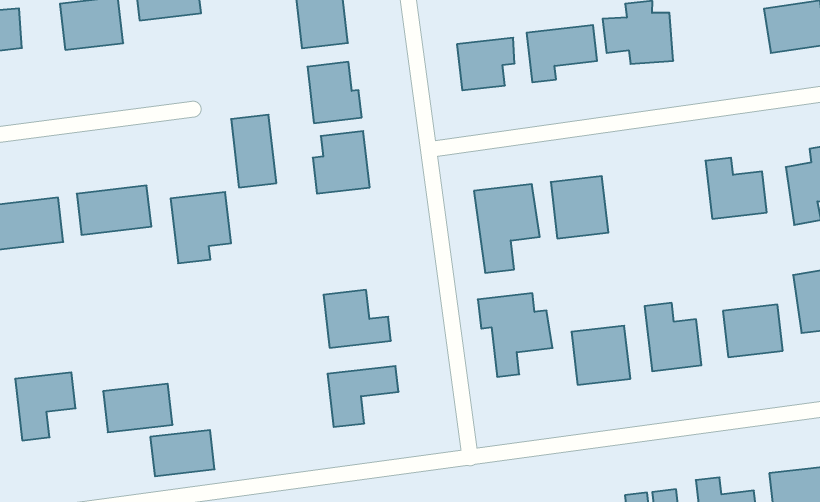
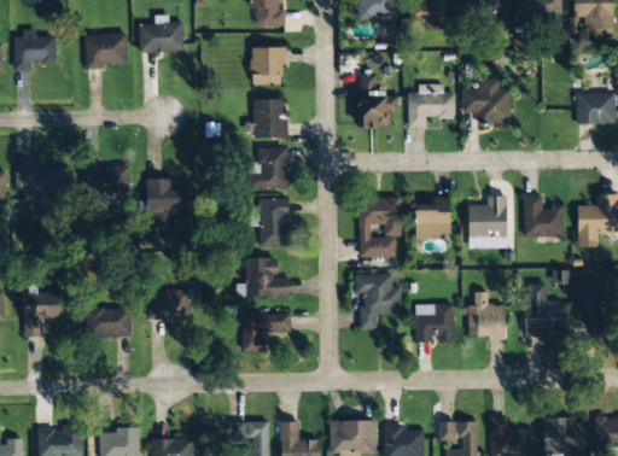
building: [231,115,276,187] -> [261,198,287,246]
building: none -> [468,197,506,238]
building: [150,430,215,476] -> [148,291,191,318]

